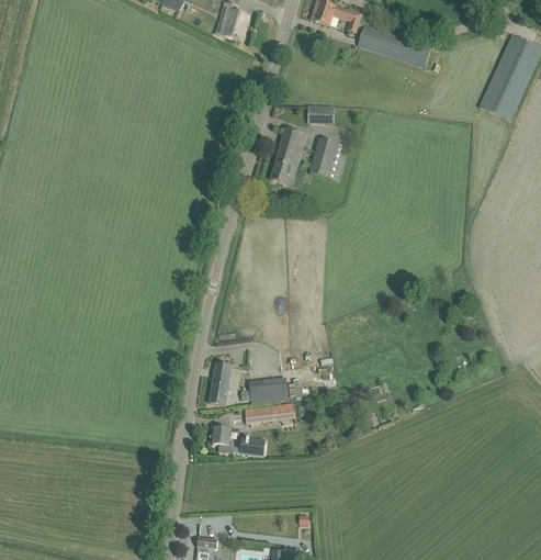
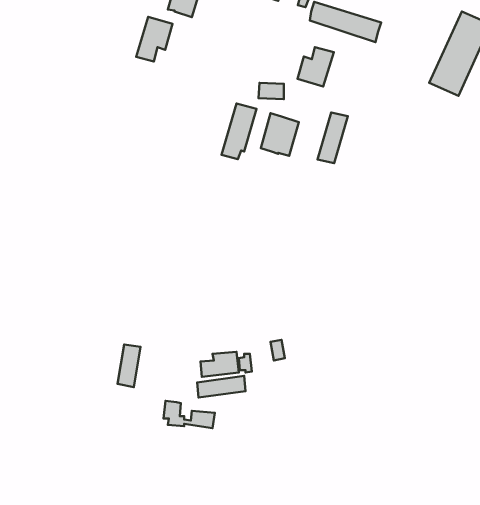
building: none -> [136,17,172,62]
building: none -> [298,47,334,86]
building: none -> [318,112,348,163]
building: [208,362,232,405] -> [117,345,140,387]

